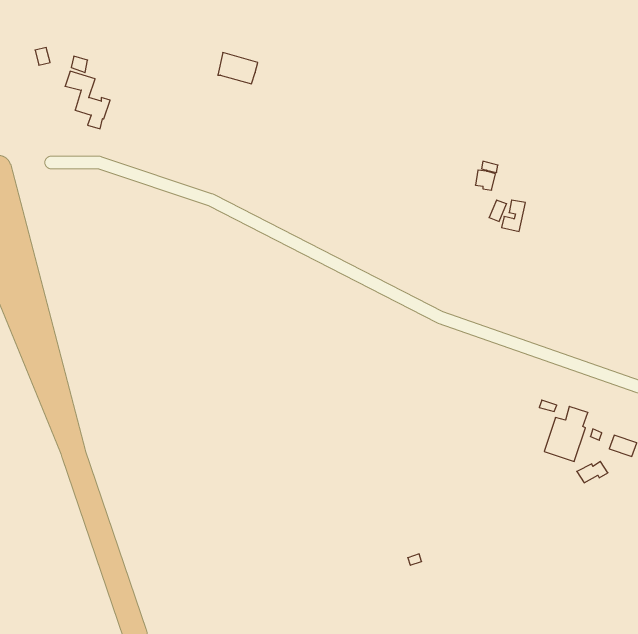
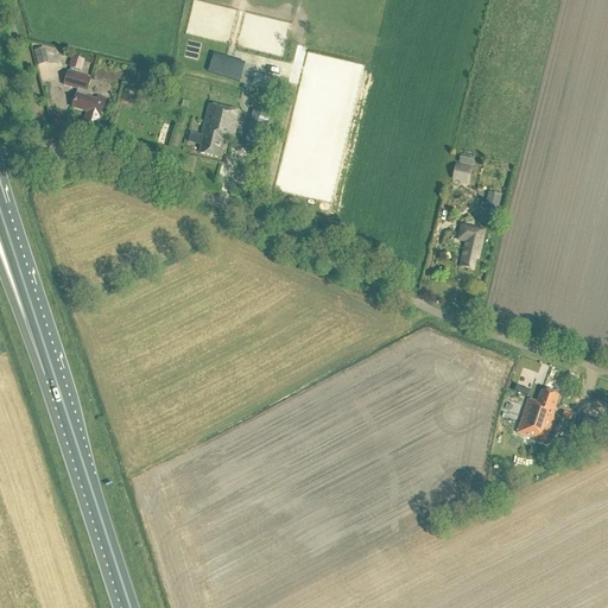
building: none -> [198,101,239,154]
building: none -> [457,222,482,265]

